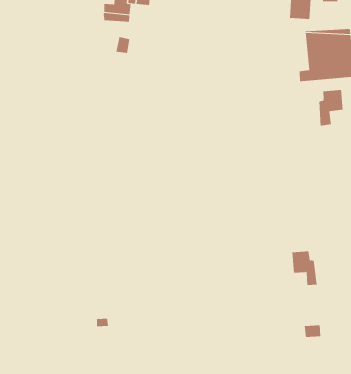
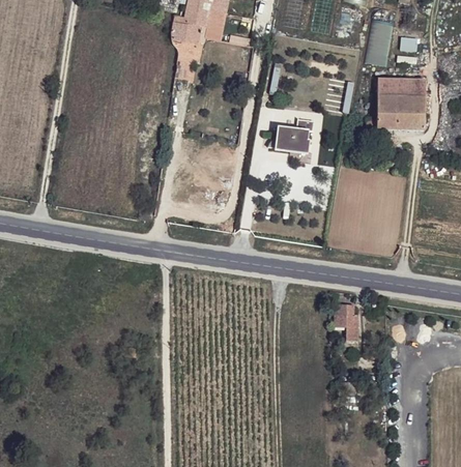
building: none -> [276,117,314,151]
building: [319,89,343,126] -> none

